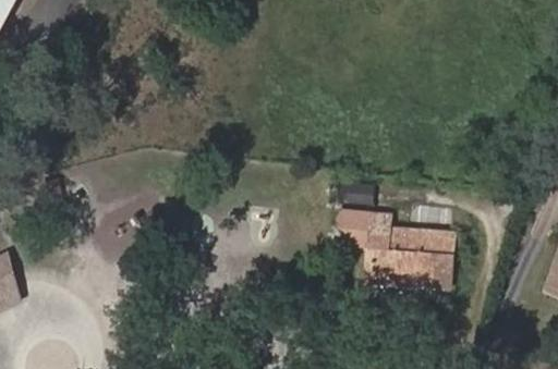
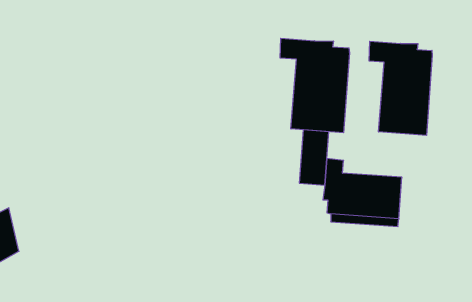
building: none -> [280,38,349,133]
building: none -> [369,41,432,135]

